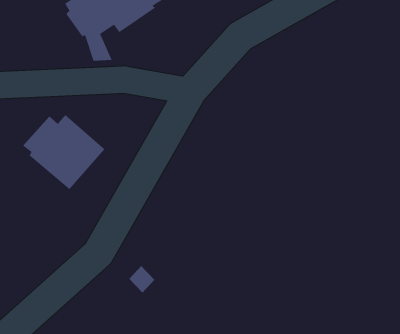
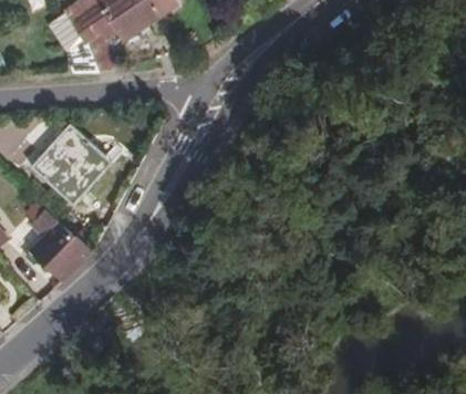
building: none -> [25,208,93,284]

